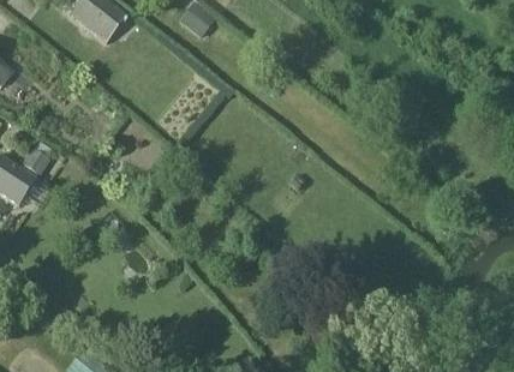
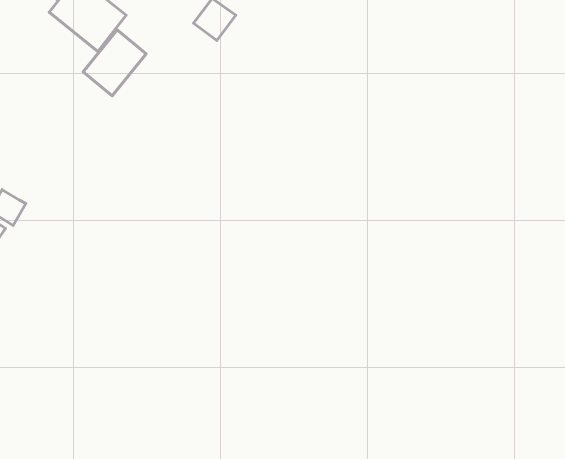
building: none -> [83,30,146,96]

